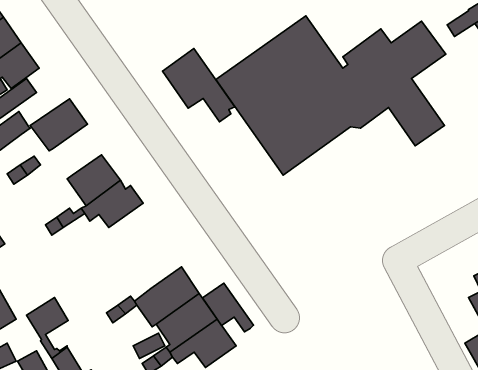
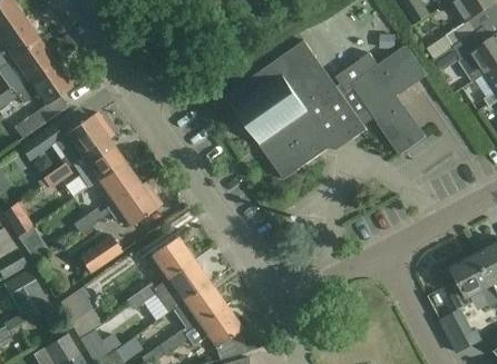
building: [163,49,235,122] -> none
building: none -> [82,135,125,179]
building: none -> [78,234,123,274]
building: none -> [152,236,195,278]
building: [202,283,253,332] -> none

